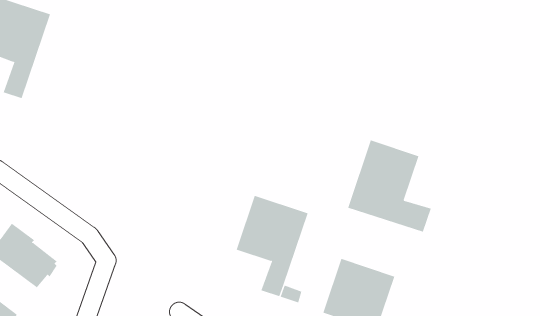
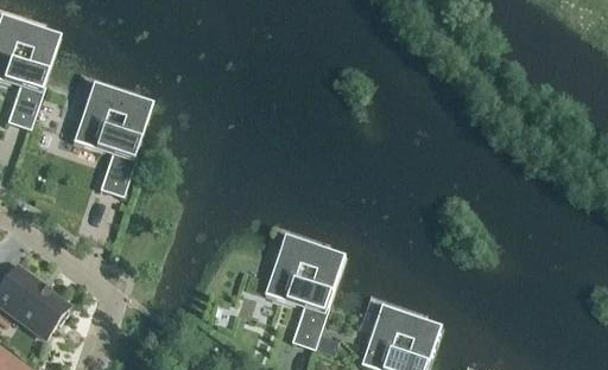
building: none -> [72,81,152,194]
building: [348,140,431,232] -> none

